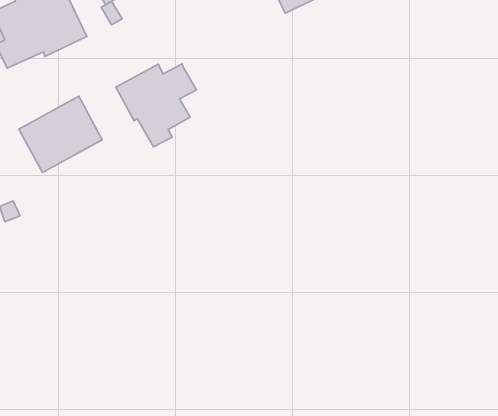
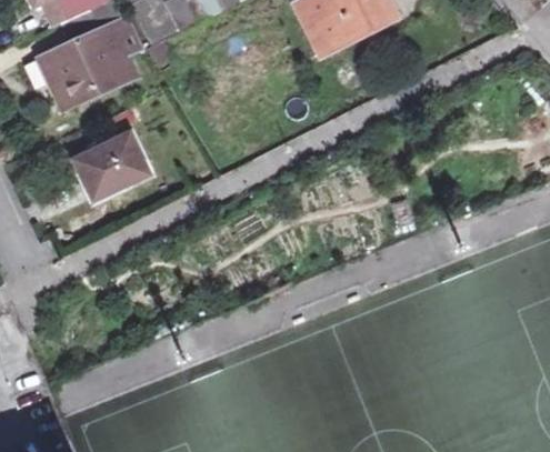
building: [116,64,197,147] -> none

